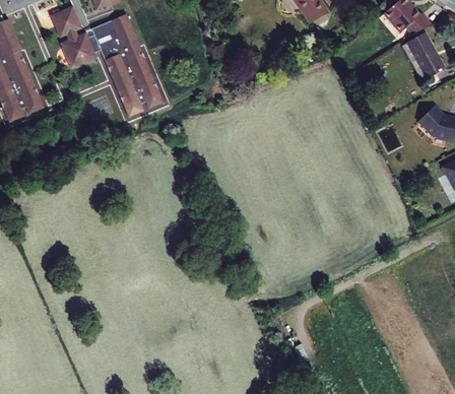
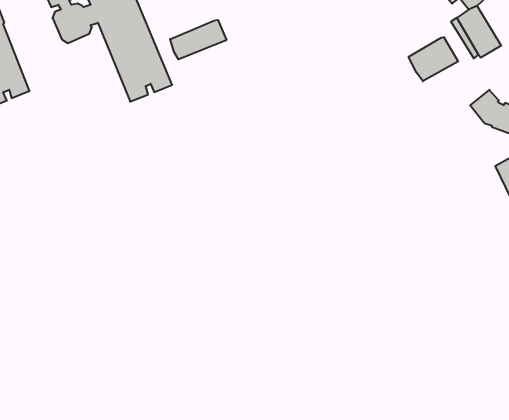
building: none -> [170,20,226,59]
building: none -> [409,37,458,81]

